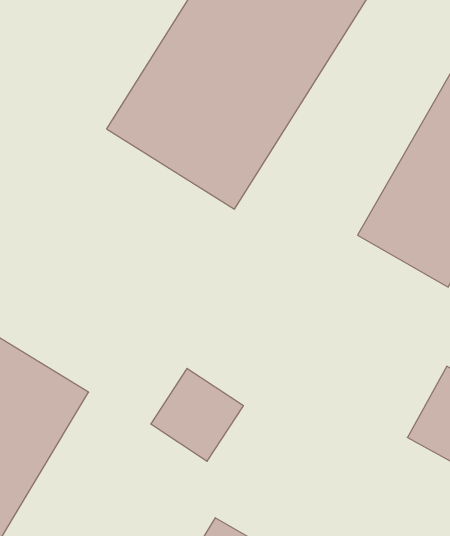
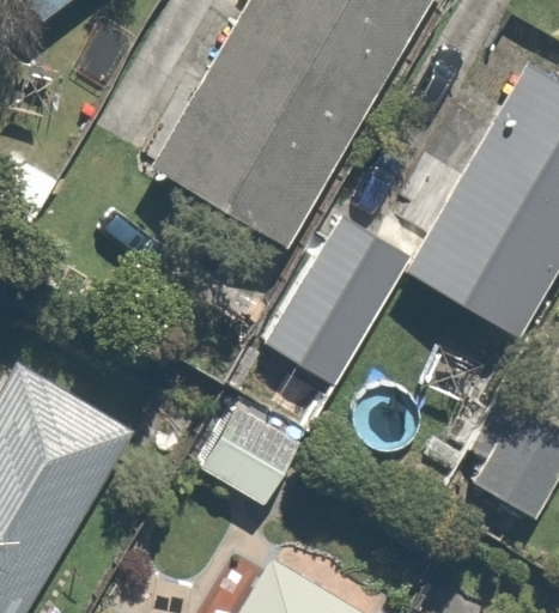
building: none -> [260,221,393,378]

